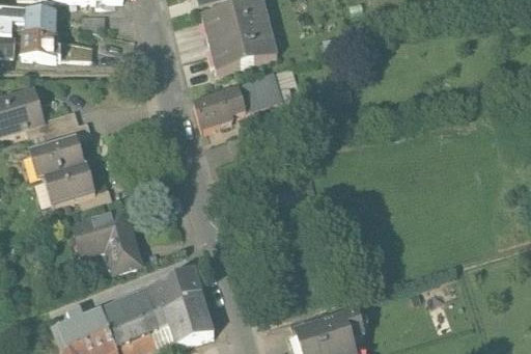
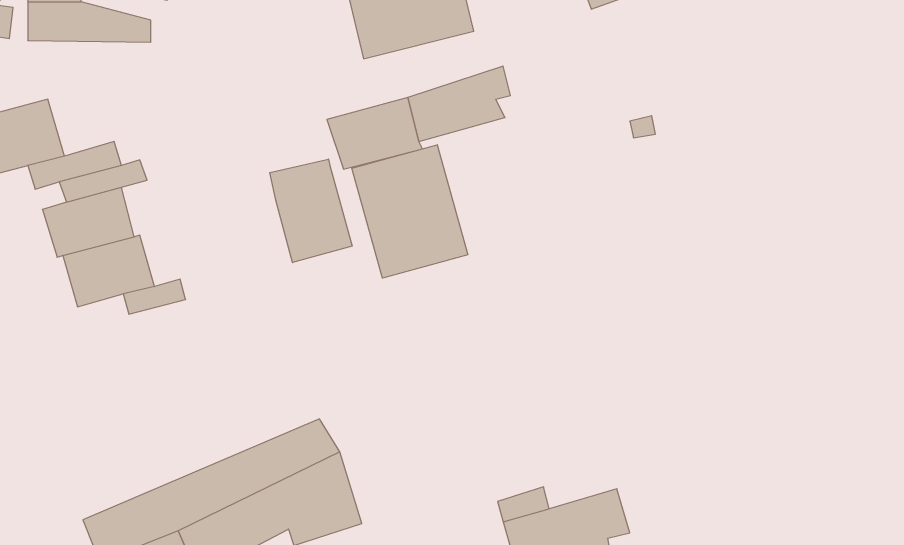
building: none -> [352,145,468,278]
building: none -> [270,159,352,263]
building: [72,212,140,271] -> none

